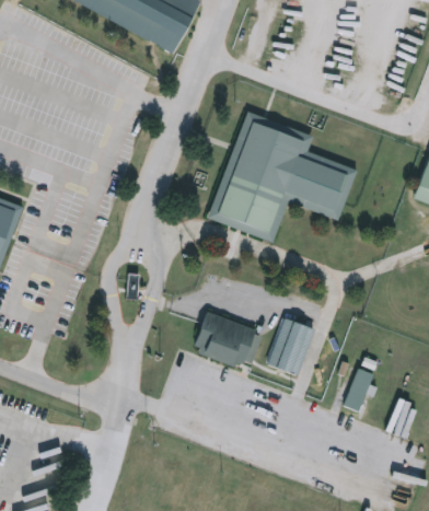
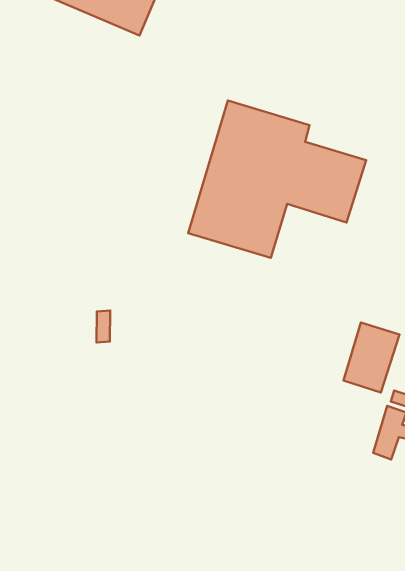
building: [193,312,262,368] -> none
building: [267,318,315,376] -> [344,322,399,392]

